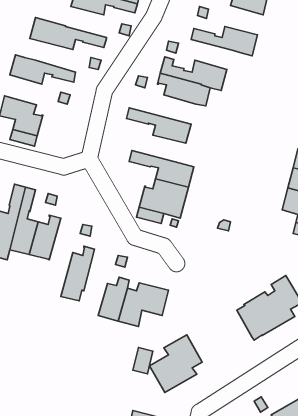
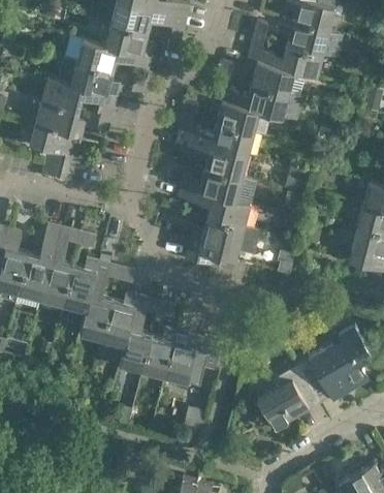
building: none -> [279,19,344,58]
building: none -> [105,22,155,57]
building: none -> [59,58,121,96]
building: none -> [245,59,306,96]
building: none -> [36,99,86,135]
building: none -> [178,122,253,155]
building: none -> [181,167,242,199]
building: none -> [79,261,114,338]
building: none -> [118,297,153,372]
building: [149,335,202,392] -> [257,366,317,431]

